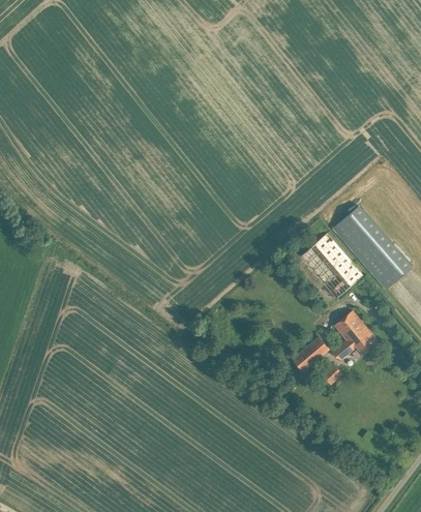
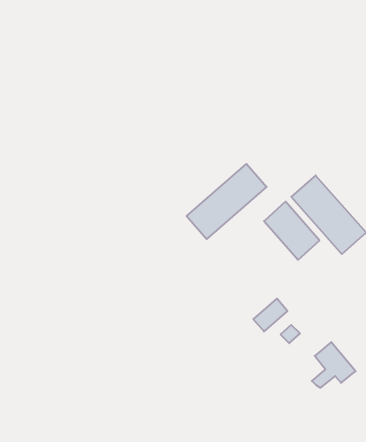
building: none -> [187,164,267,239]
building: [331,311,378,360] -> [312,342,356,388]

